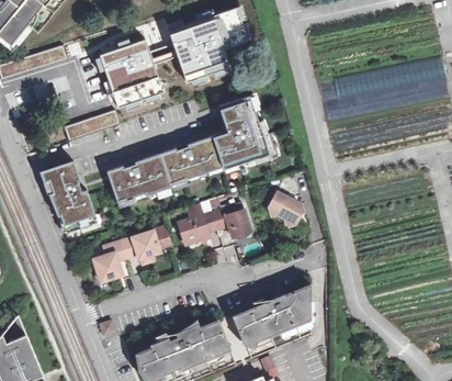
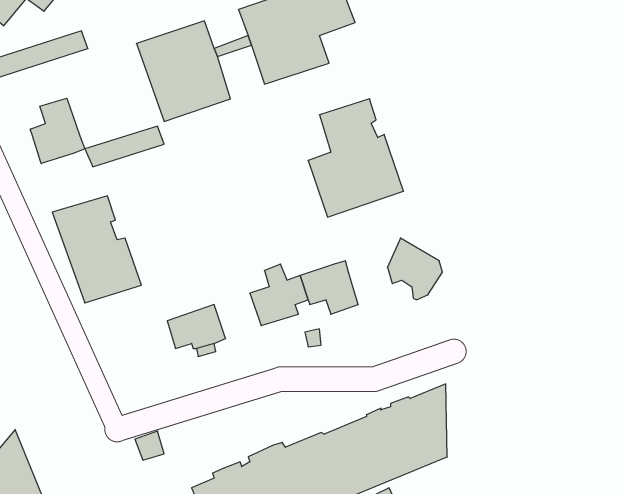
building: none -> [30,98,85,164]
building: [106,133,228,206] -> none
building: [91,242,125,284] -> none

